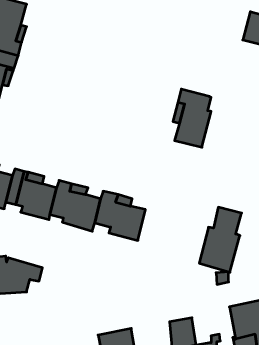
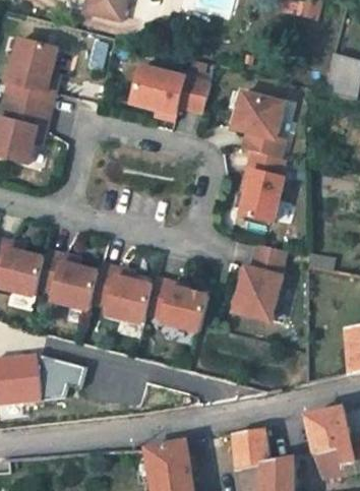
building: none -> [127,67,205,116]
building: none -> [236,91,289,159]
building: [199,207,242,272] -> [230,242,282,321]

